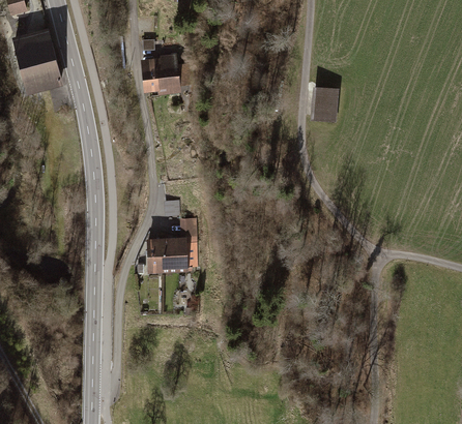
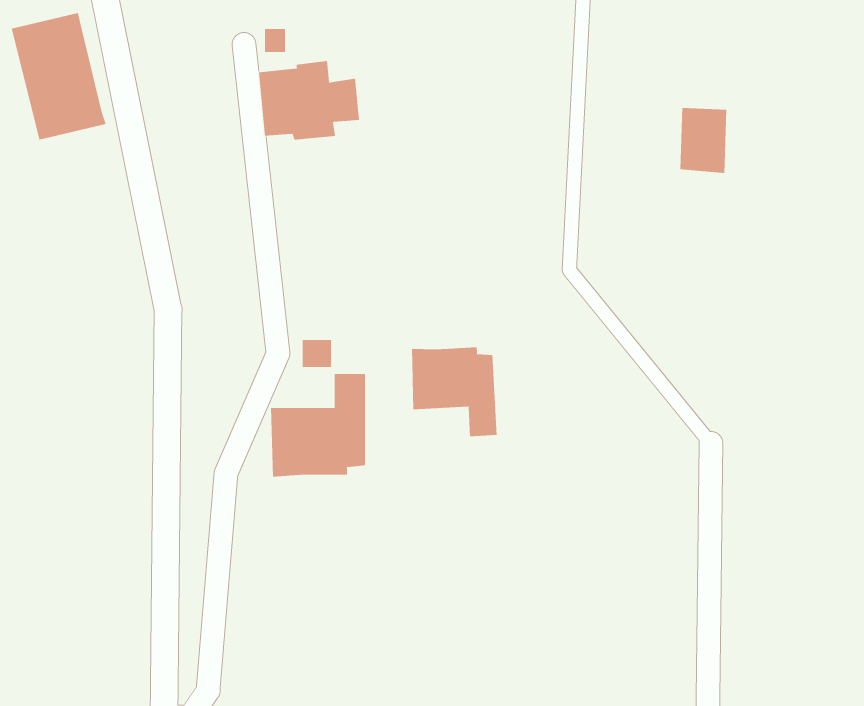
building: [310,89,335,123] -> [679,108,727,173]
building: none -> [411,347,497,437]

